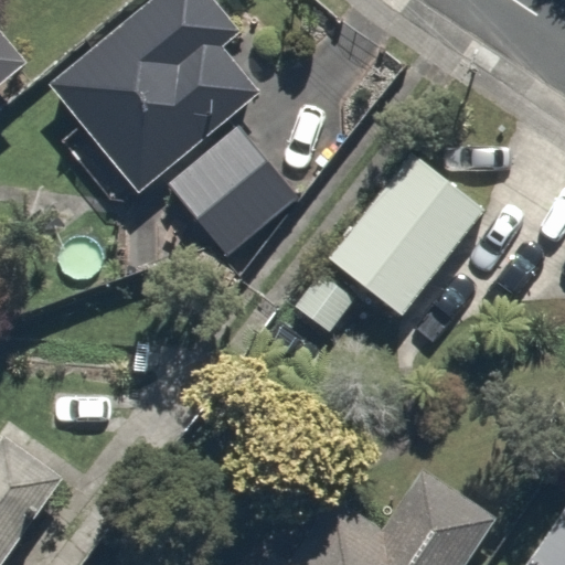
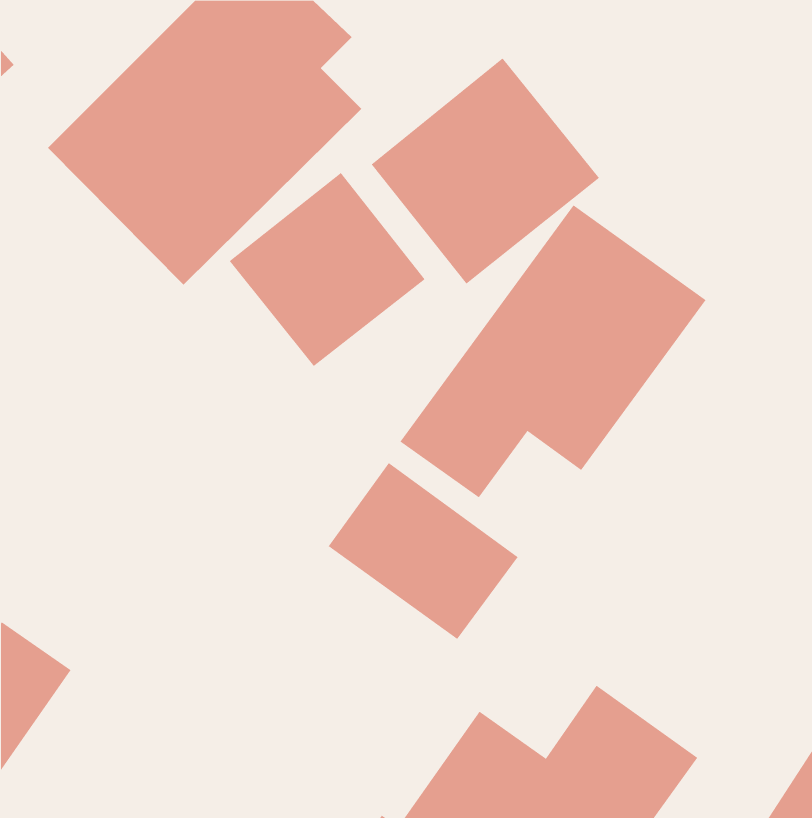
building: none -> [371,58,600,285]
building: none -> [328,462,518,640]

